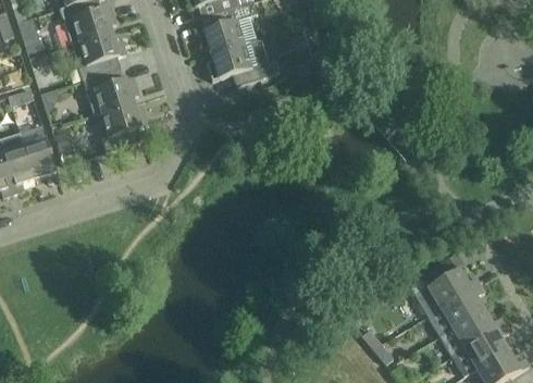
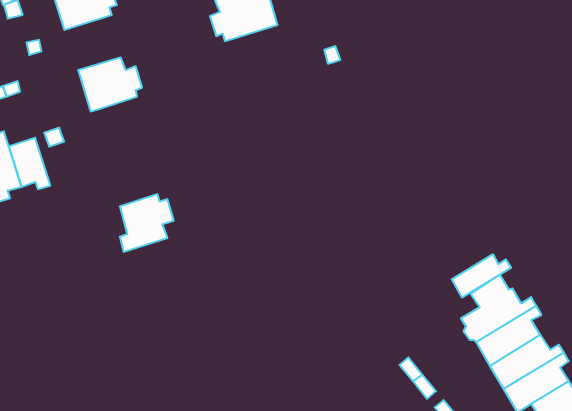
building: [71,30,126,78] -> none
building: [206,38,278,85] -> none
building: [101,101,148,151] -> [120,194,174,252]
building: none -> [452,254,511,297]

